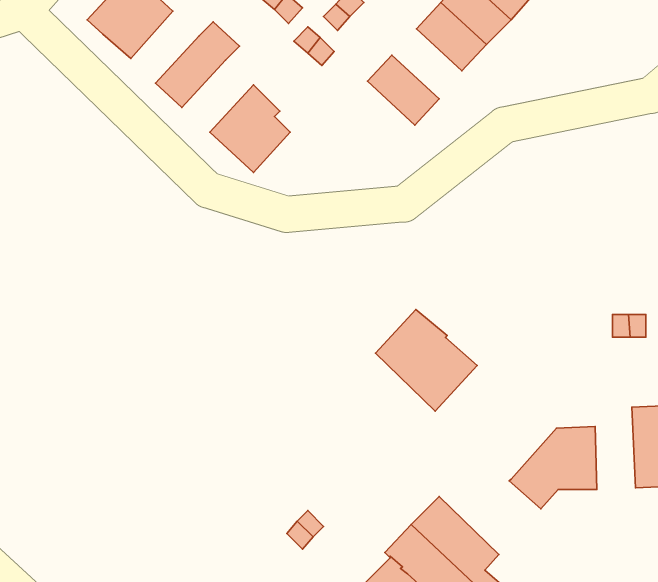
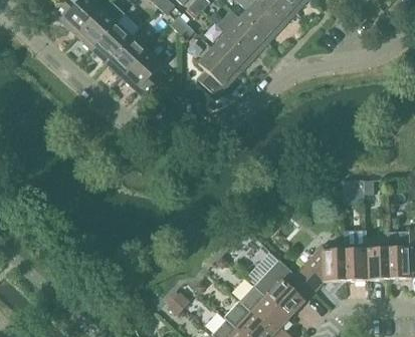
building: none -> [76,7,116,48]
building: none -> [226,17,266,57]
building: none -> [106,35,147,76]
building: none -> [198,47,239,96]
building: [375,309,477,411] -> [253,260,312,318]
building: none -> [343,234,366,281]

